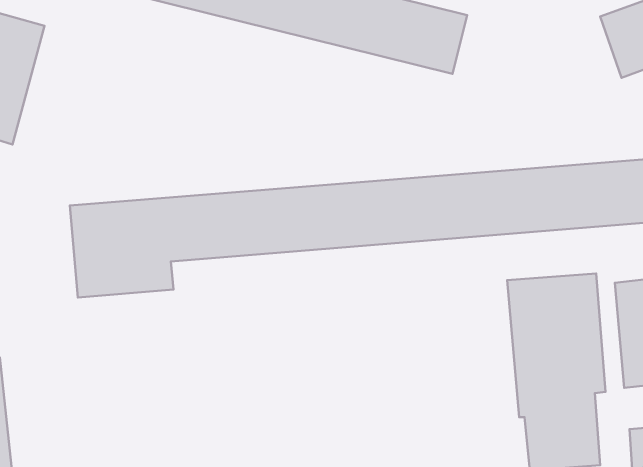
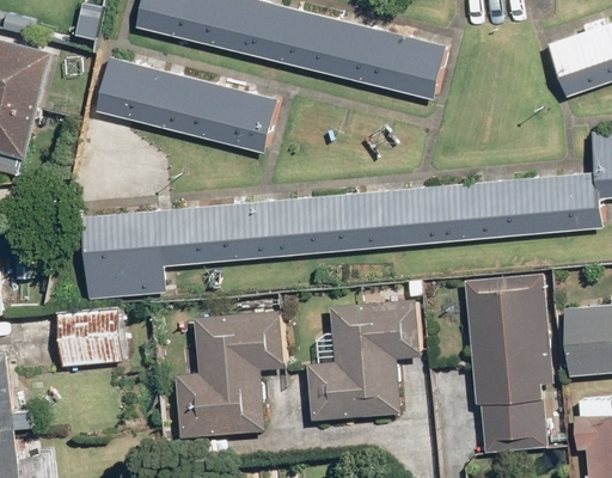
building: none -> [87,55,269,152]
building: none -> [308,301,421,422]
building: none -> [176,308,287,437]
building: none -> [57,310,124,367]

